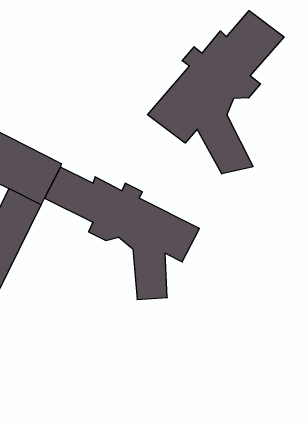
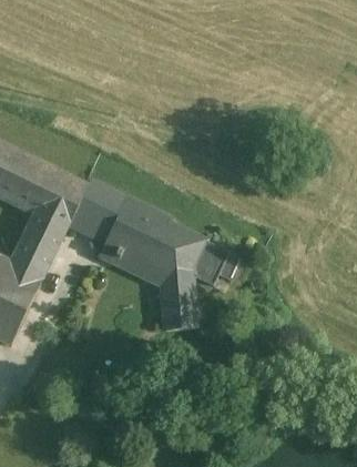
building: [148,11,284,174] -> none

